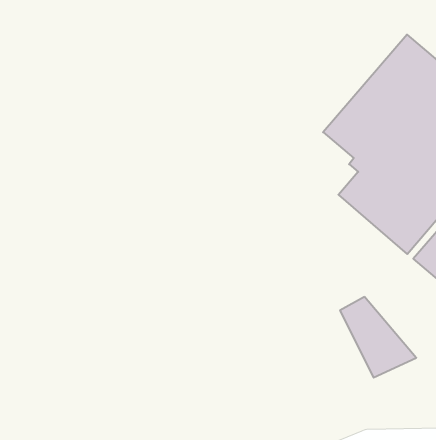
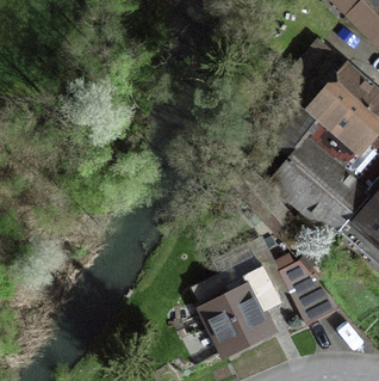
building: none -> [194,265,282,351]

